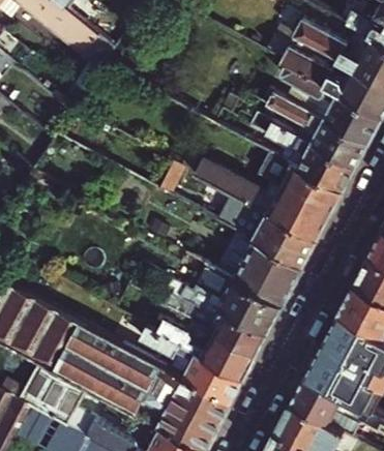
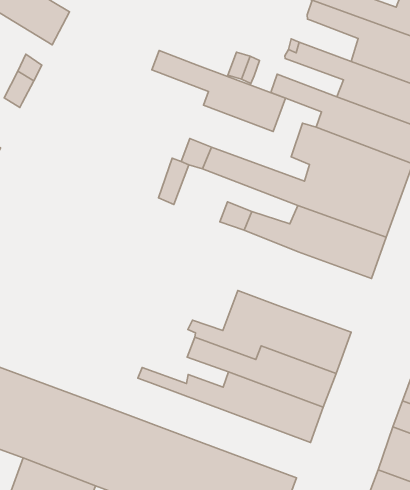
building: none -> [152,50,285,131]
building: [234,241,303,303] -> none
building: [128,320,244,401] -> none

